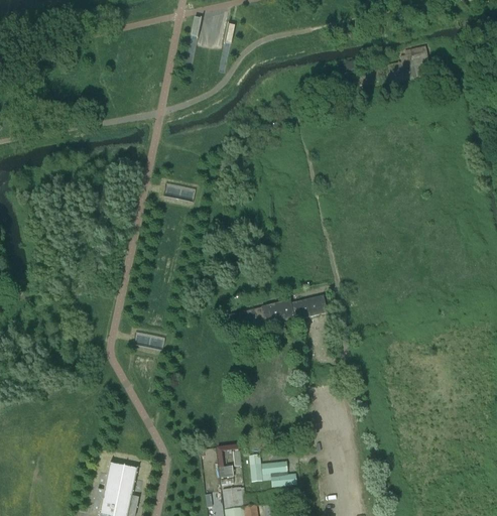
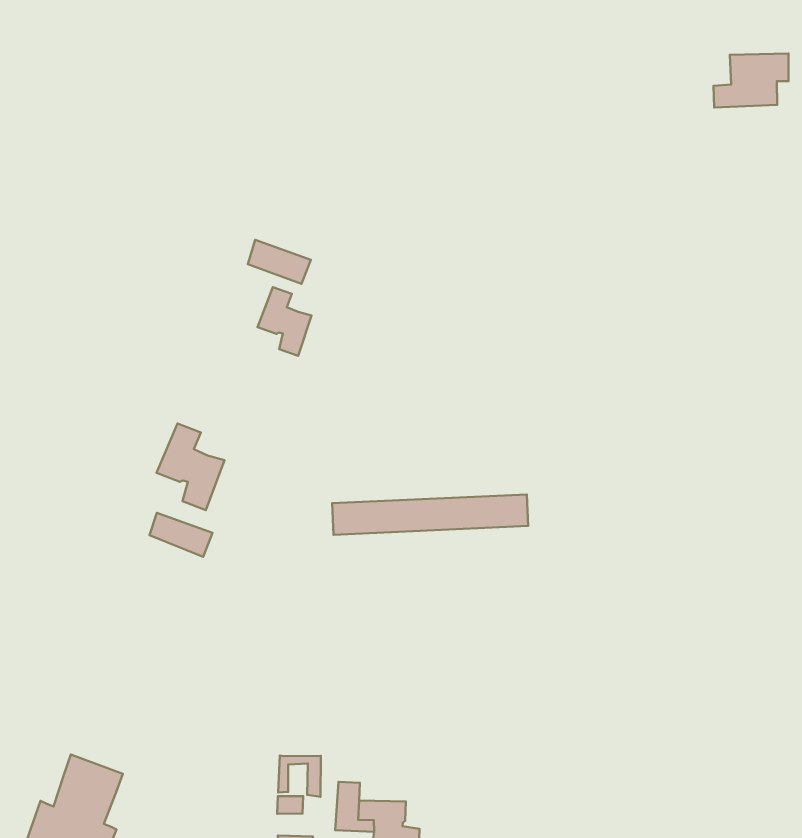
building: none -> [257,287,312,356]
building: none -> [157,423,224,510]

